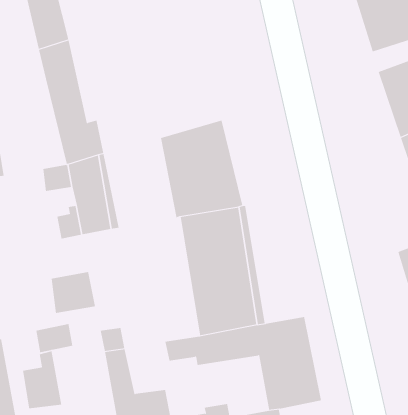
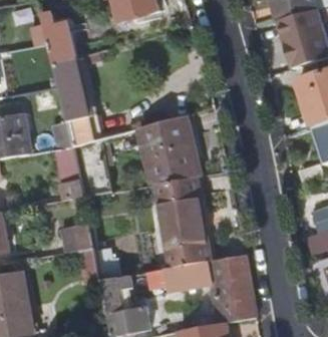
building: [22,350,62,409] -> none

